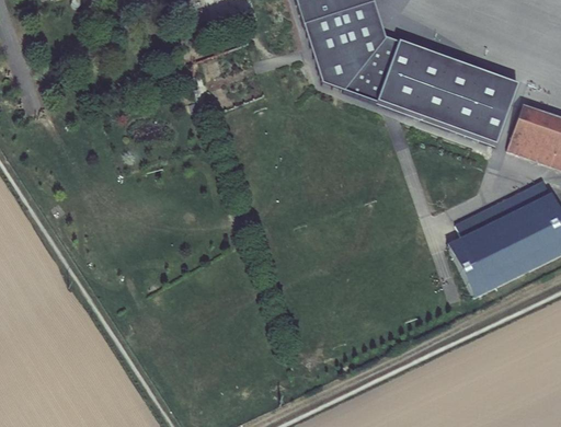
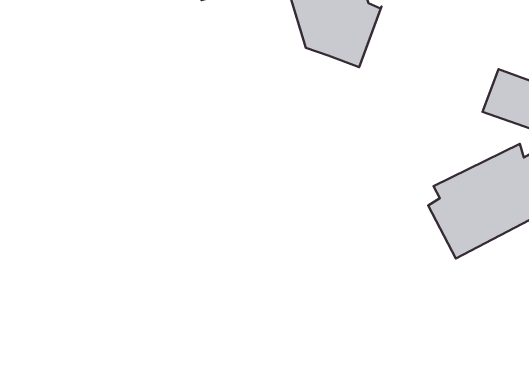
building: [376,37,518,145] -> none

